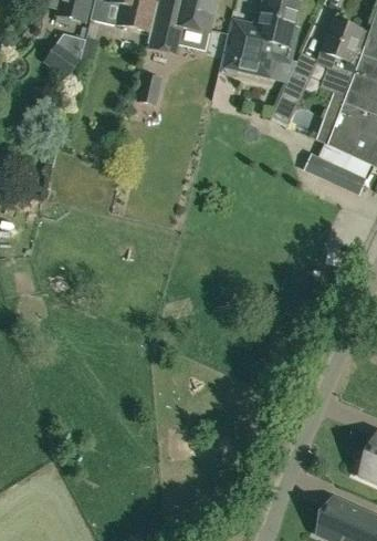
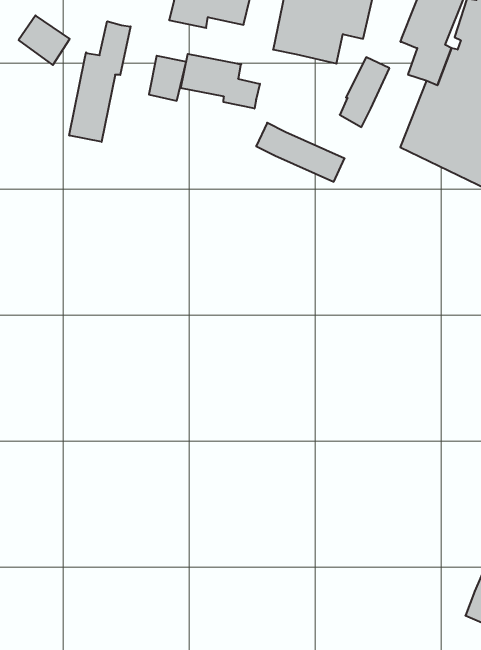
building: none -> [69,21,131,142]
building: none -> [181,54,260,109]
building: [304,150,367,193] -> [256,123,345,182]

